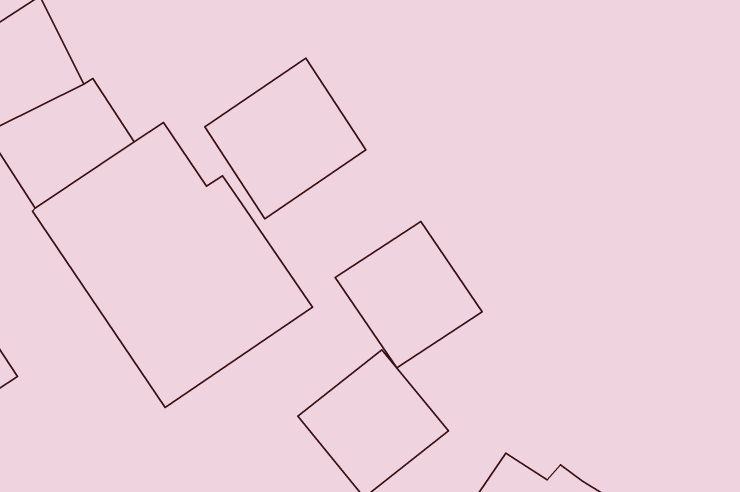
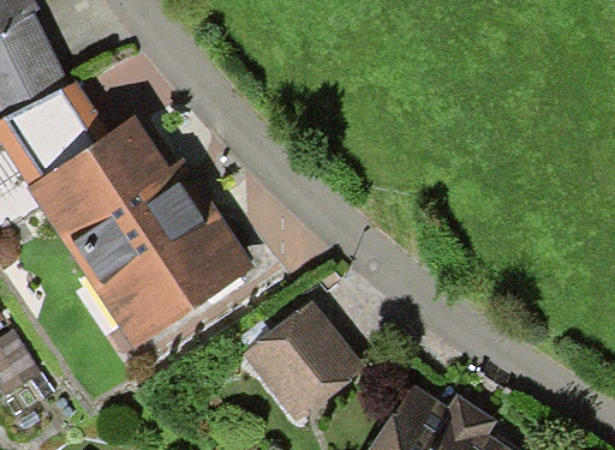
building: [205,58,366,219] -> none
building: [335,221,482,368] -> none

